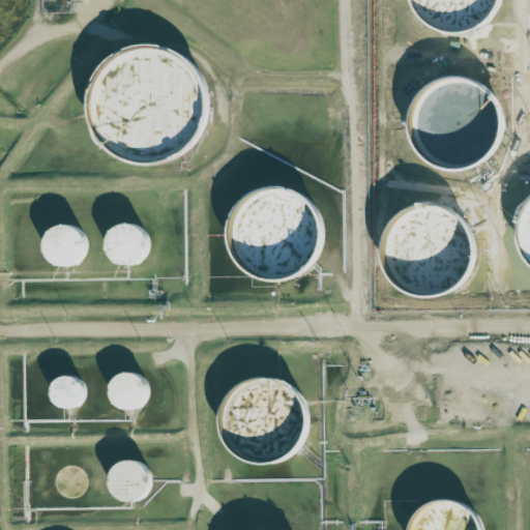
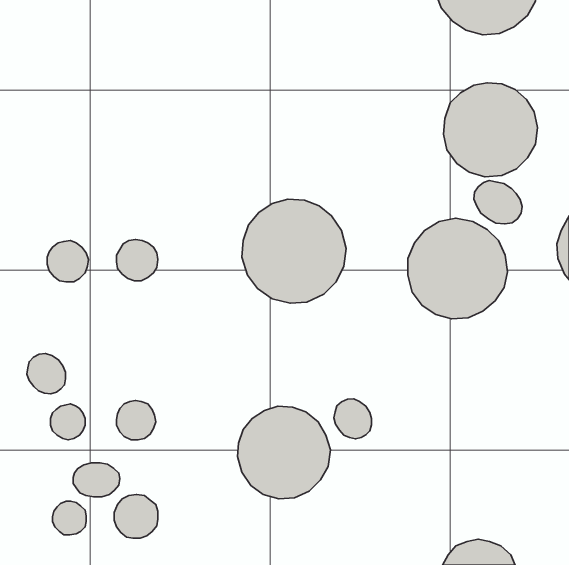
building: [89,42,203,156] -> none
building: none -> [474,180,522,224]
building: none -> [27,353,66,394]
building: none -> [334,399,372,439]
building: none -> [73,463,120,497]

